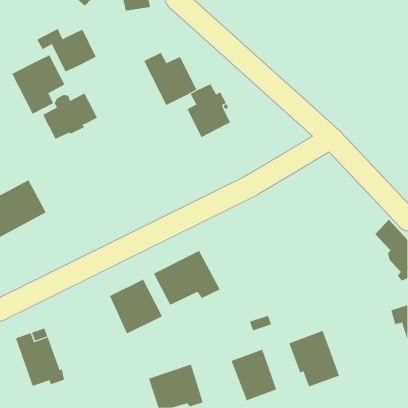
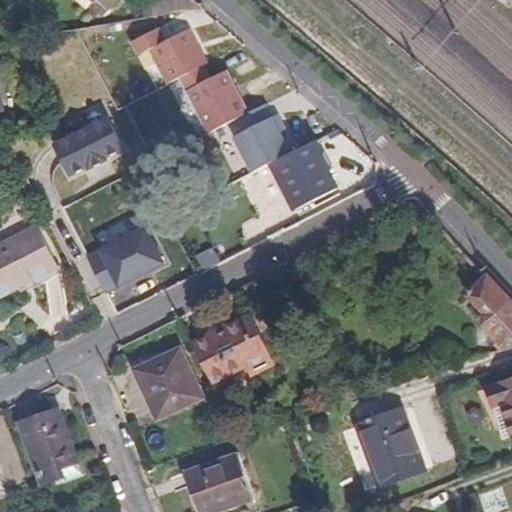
building: [36,28,97,72] -> [130,27,205,82]
building: [11,54,65,114] -> none
building: none -> [270,141,335,209]
building: none -> [85,227,162,292]
building: [231,349,277,401] -> none

